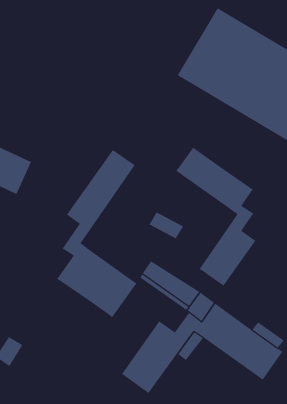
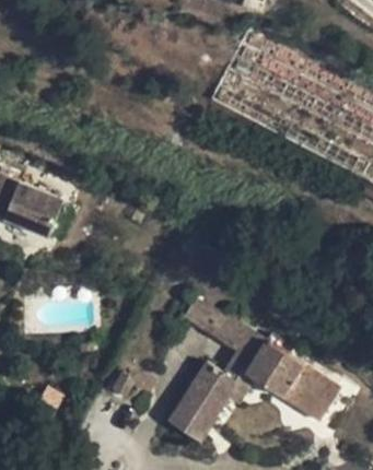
building: [176,147,256,286] -> none
building: [57,149,137,318] -> none

